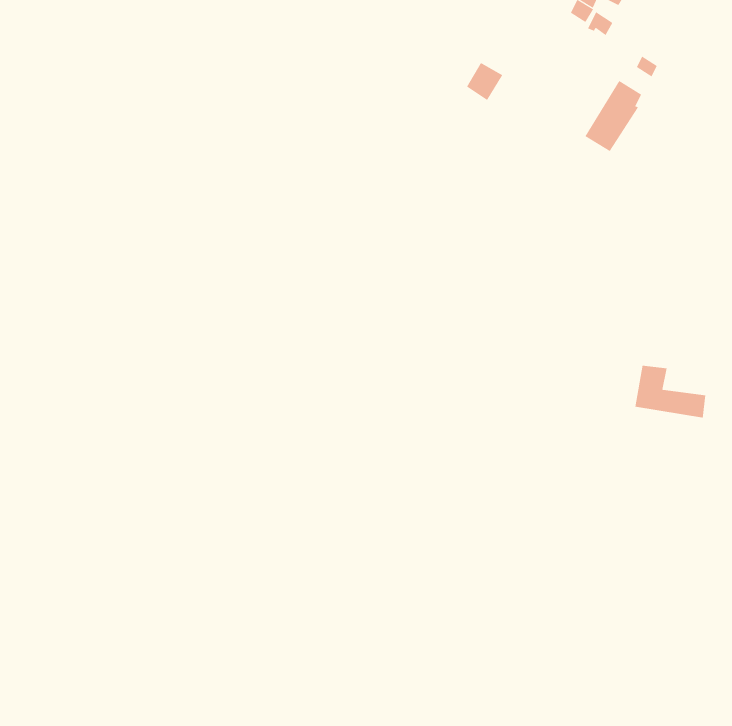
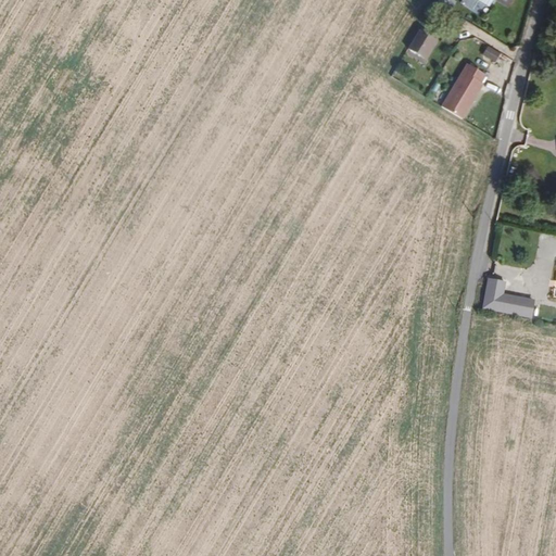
building: [466,62,503,101] -> [408,26,437,55]

